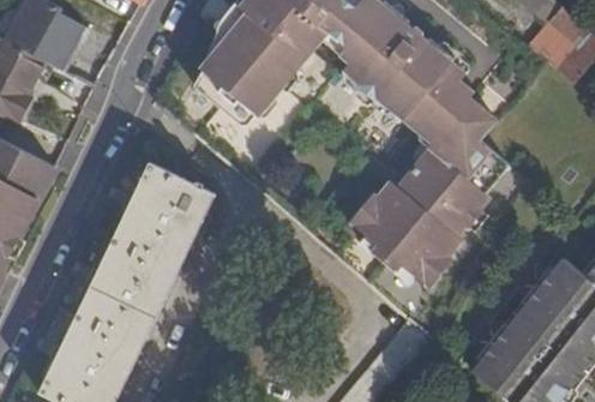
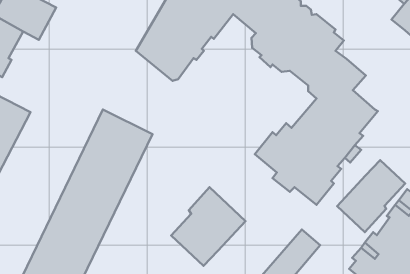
building: none -> [337,160,405,232]
building: none -> [171,187,245,266]

